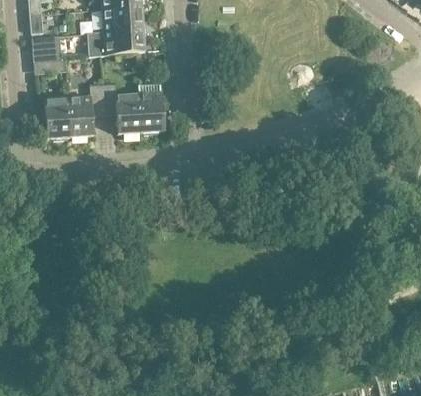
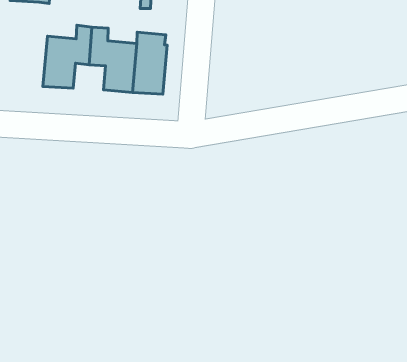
building: [43,97,69,138] -> none

